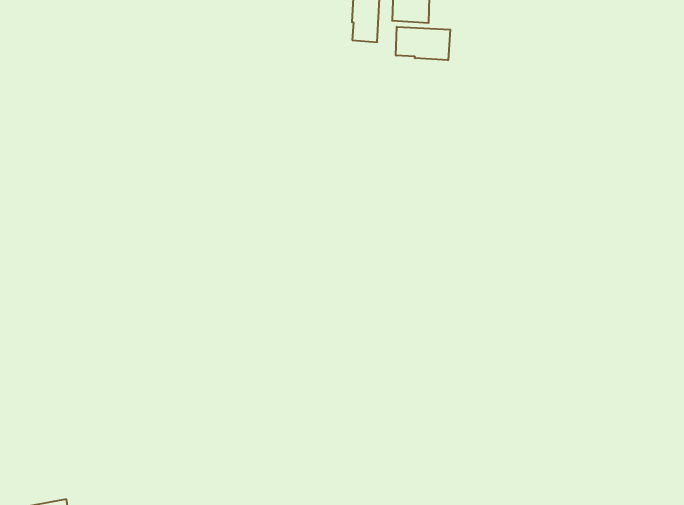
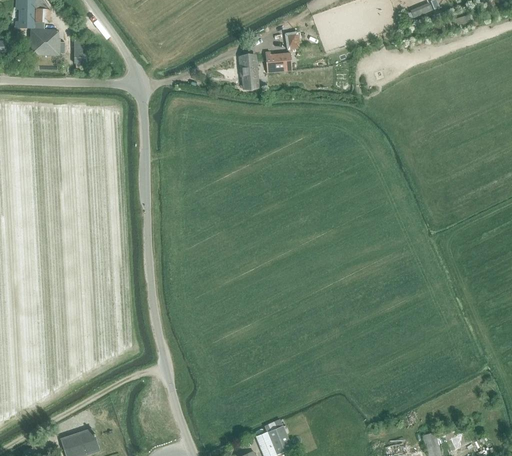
building: [396,27,450,60] -> none

